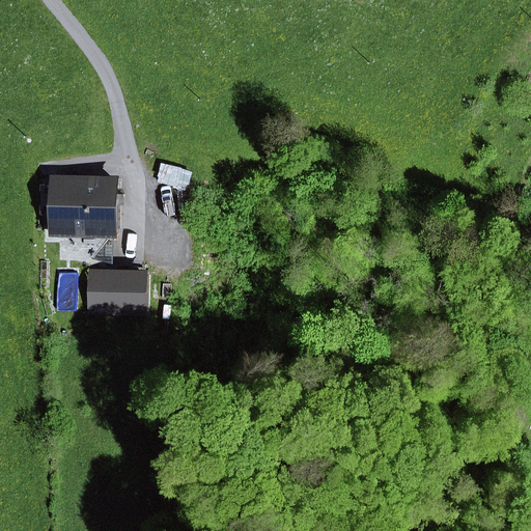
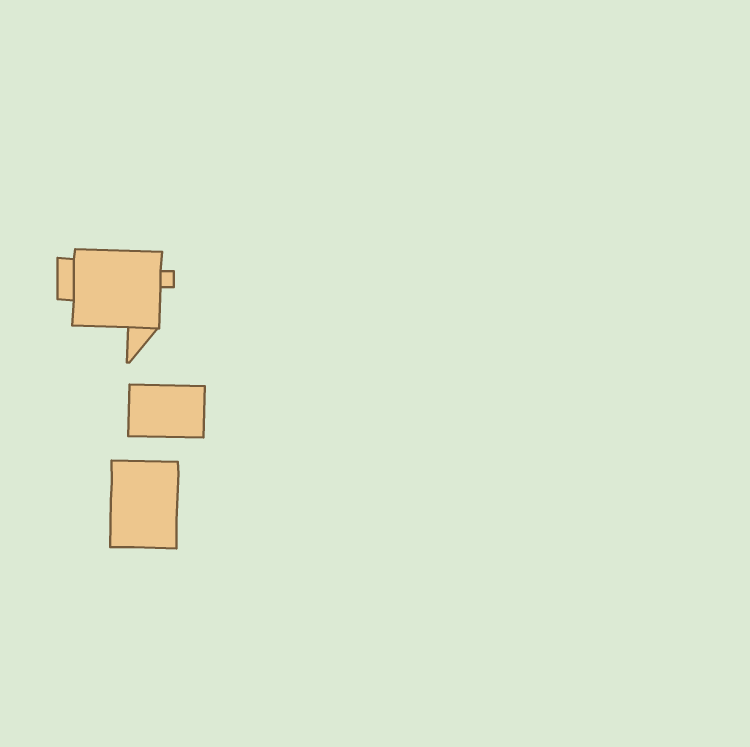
building: none -> [110,461,179,548]

